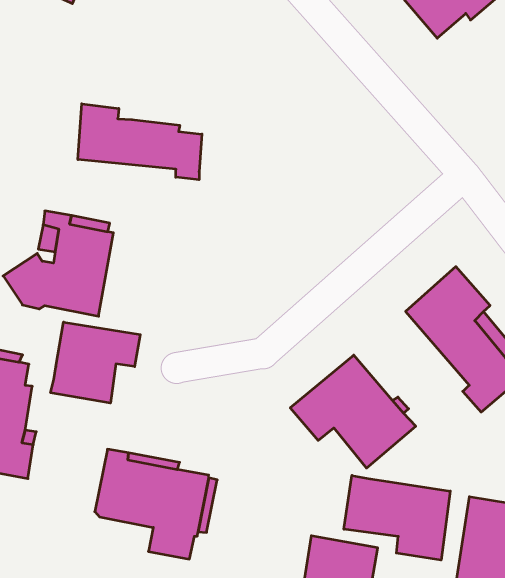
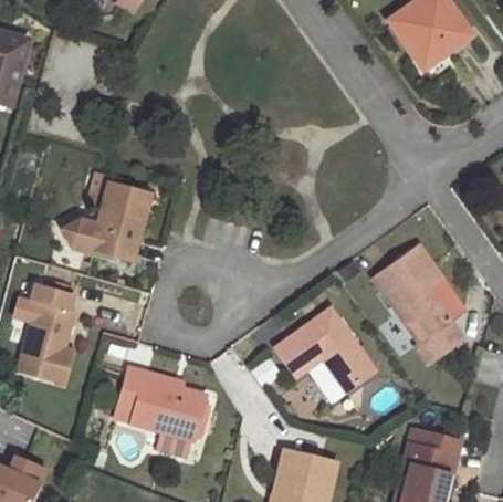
building: [78,104,202,180] -> none
building: [51,322,140,403] -> none
building: [344,475,450,560] -> none

